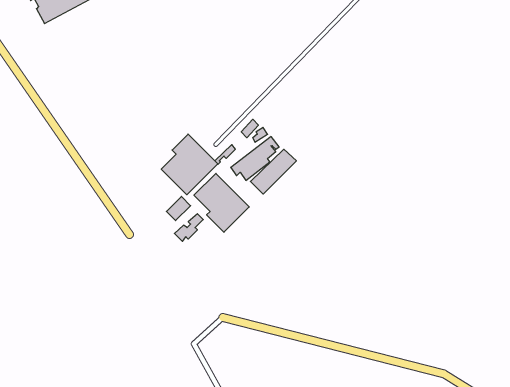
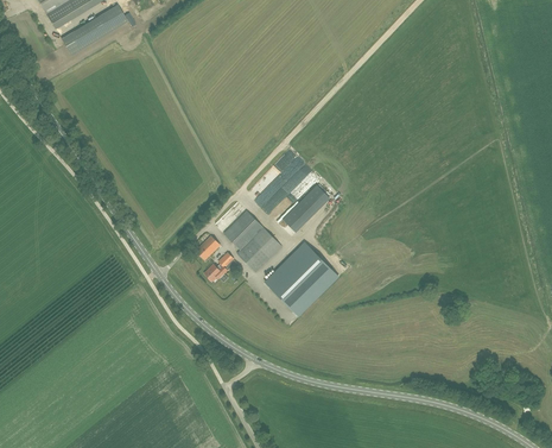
building: [161,134,218,195] -> none
building: none -> [265,242,338,315]

